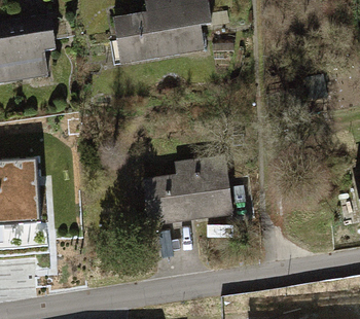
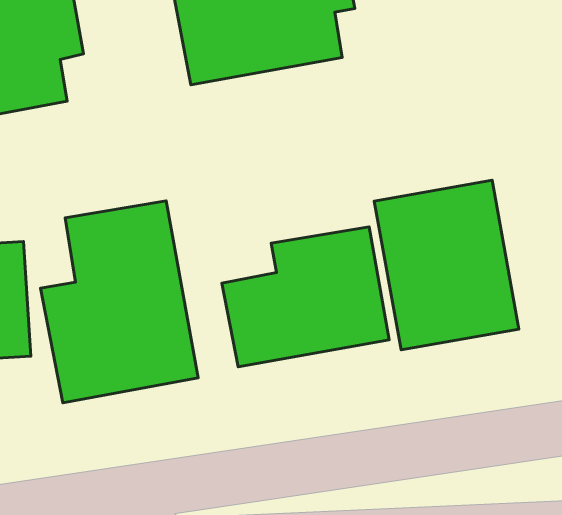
building: none -> [374,180,519,350]
building: none -> [40,201,198,403]

